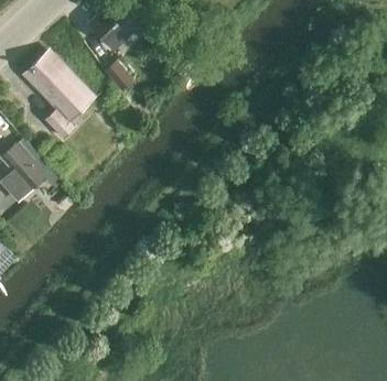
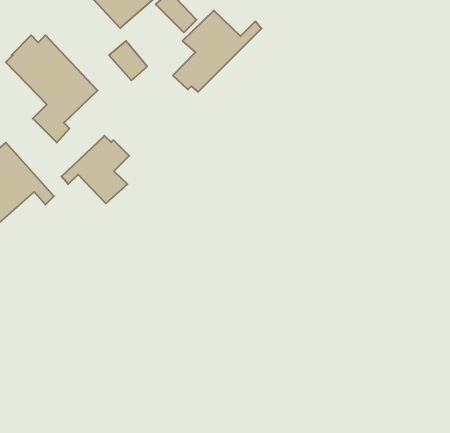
building: none -> [173,10,262,92]
building: none -> [61,136,129,203]

